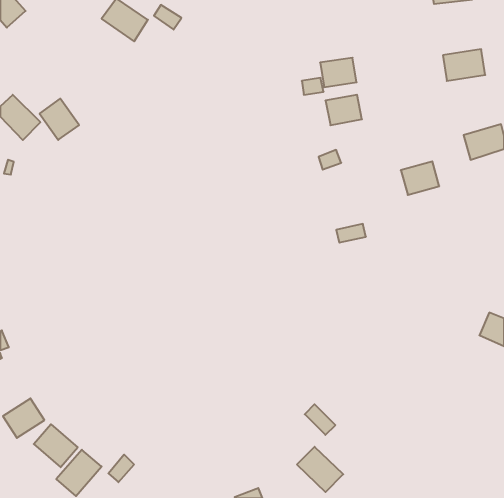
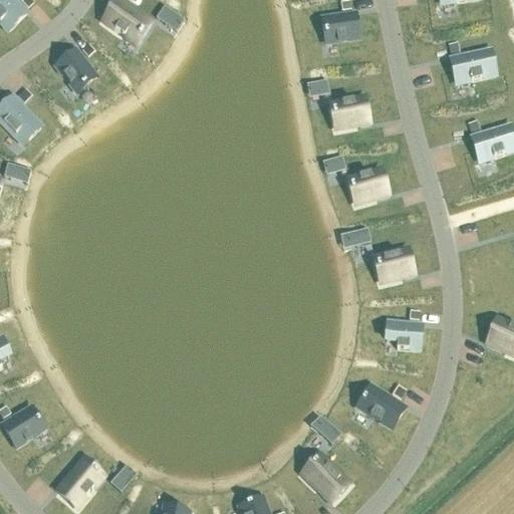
building: [320,58,357,87] -> [322,12,359,42]
building: [40,99,79,140] -> [56,50,96,92]
building: [401,161,439,195] -> [348,169,388,203]
building: none -> [374,248,414,281]
building: none -> [387,320,421,349]
building: none -> [357,384,405,428]
building: [34,424,78,467] -> none

